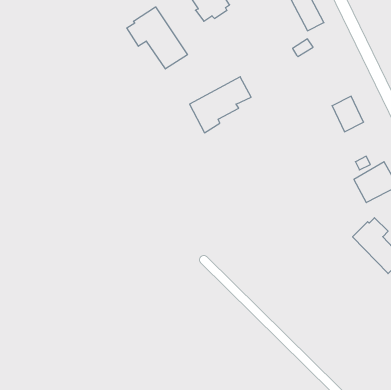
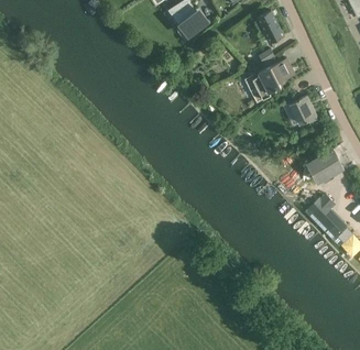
building: [127,7,187,69] -> none
building: [190,77,251,133] -> [244,58,294,103]

